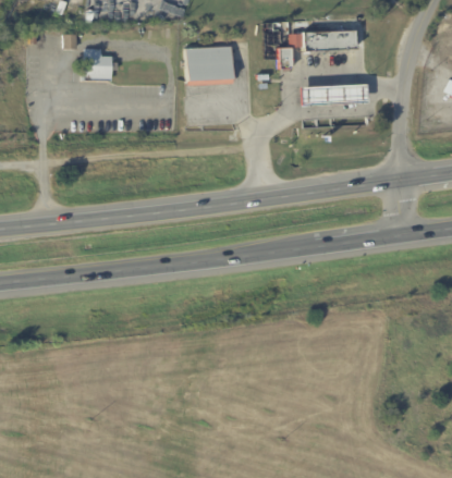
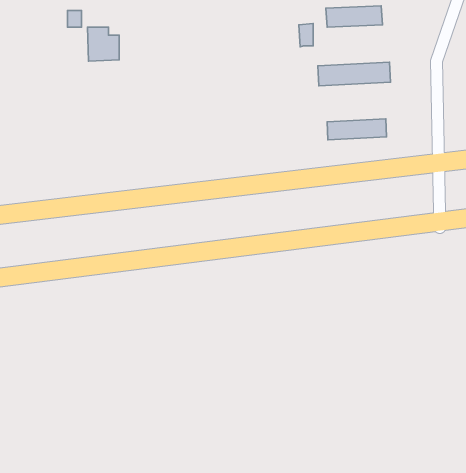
building: [186,46,234,86] -> none
building: none -> [327,119,386,140]

